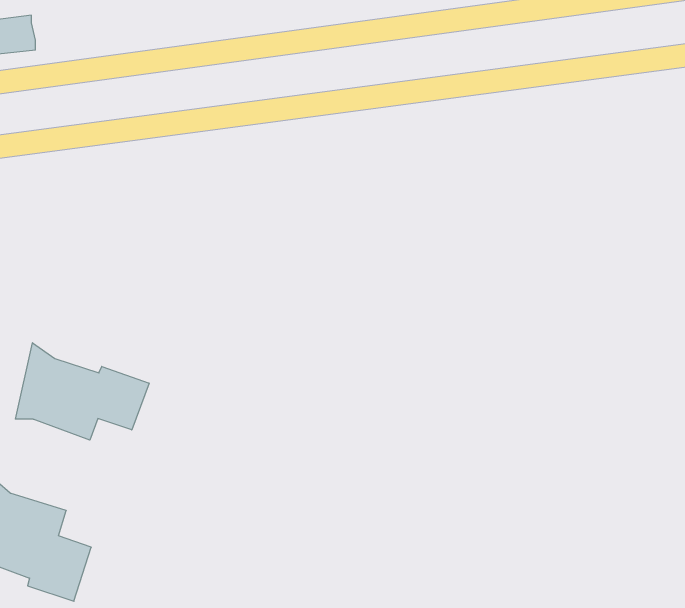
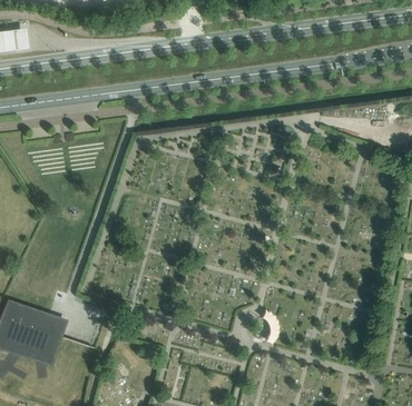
building: [15,343,149,440] -> none

